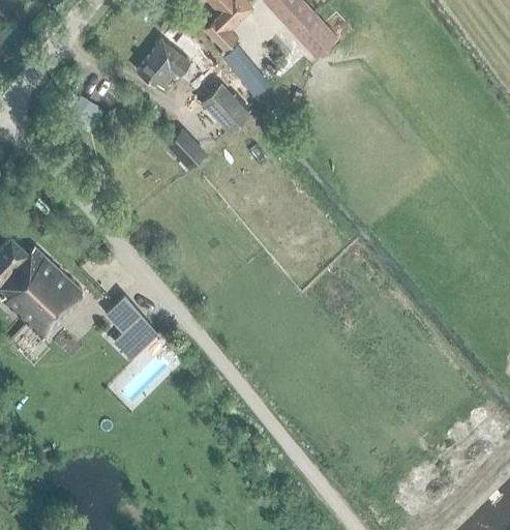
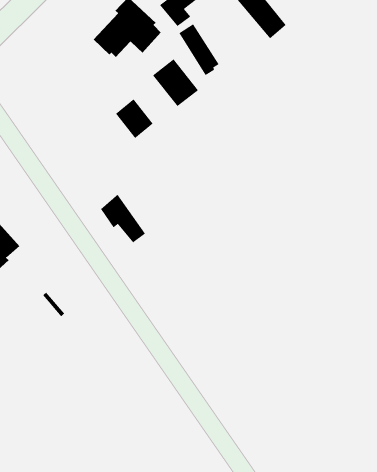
building: [109,297,158,347] -> [100,194,146,243]

